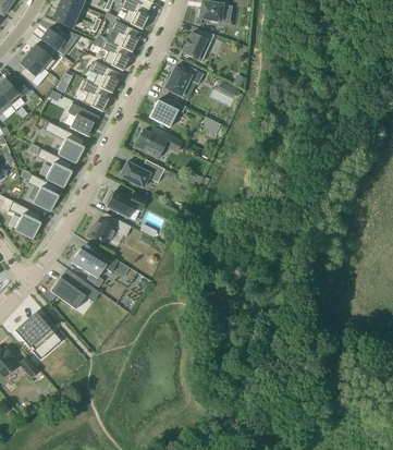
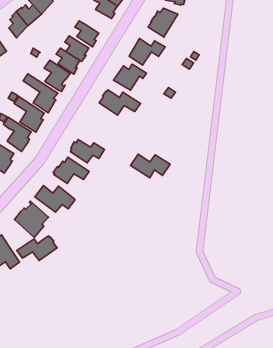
building: [106,38,134,66] -> none
building: [119,160,164,187] -> [131,154,170,178]
building: none -> [17,236,57,261]

